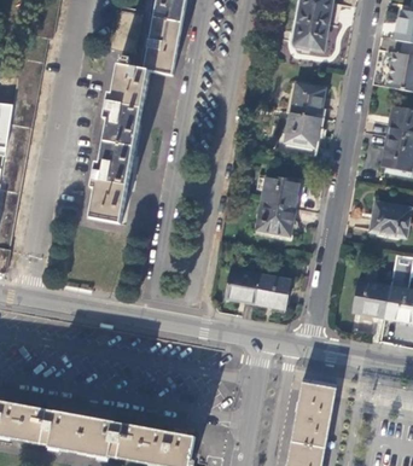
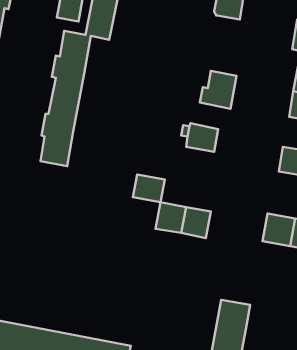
building: [290,83,326,118] -> none
building: [256,202,293,234] -> [133,174,165,202]

